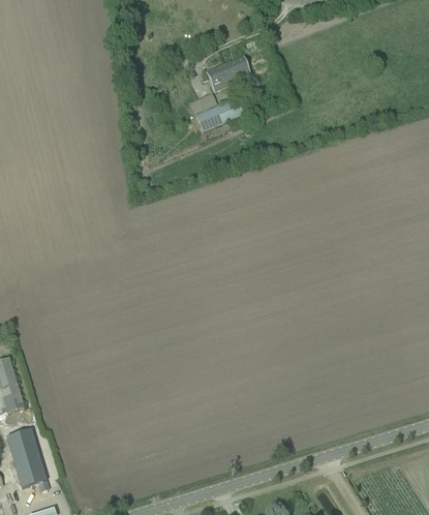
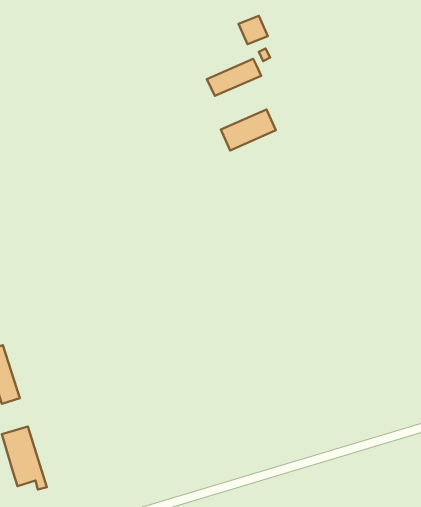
building: [206,62,233,89] -> none
building: none -> [221,109,276,150]

